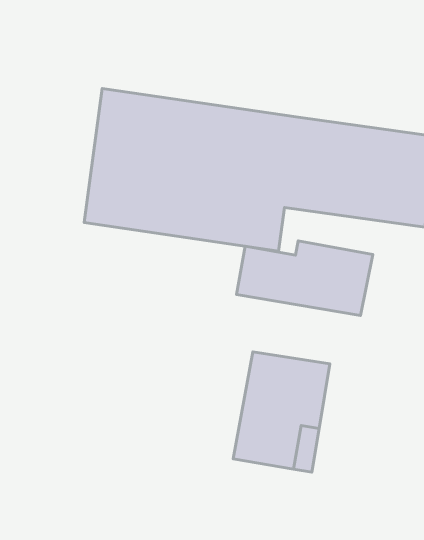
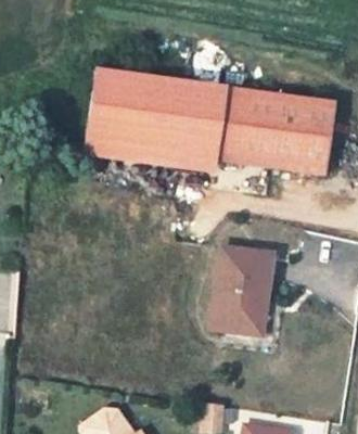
building: [237,241,373,315] -> none

